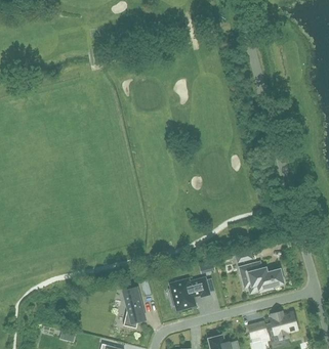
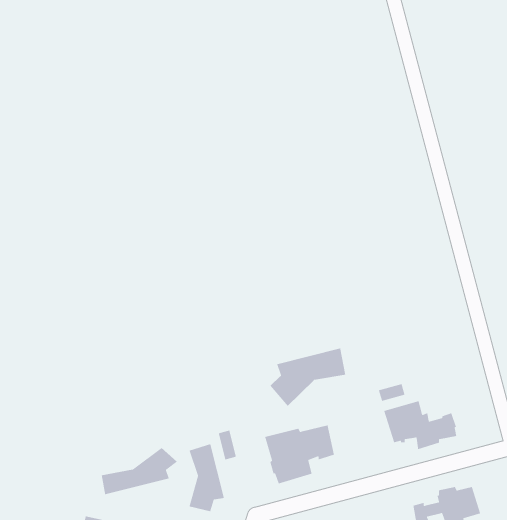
building: none -> [270,348,346,407]
building: none -> [101,447,178,495]

